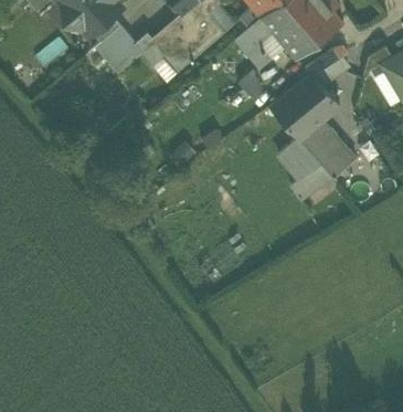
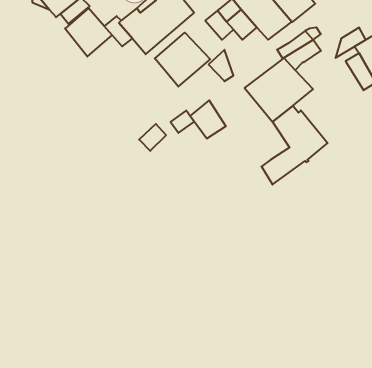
building: none -> [155,33,210,87]
building: [282,138,317,176] -> [190,100,226,138]

